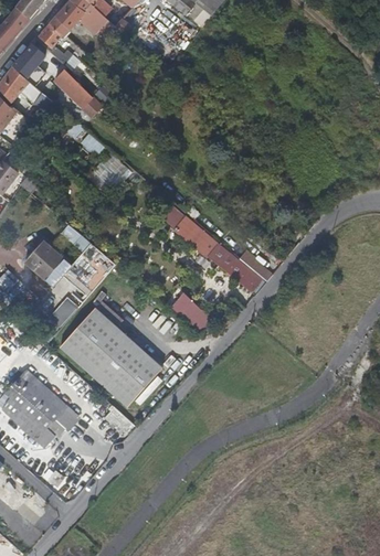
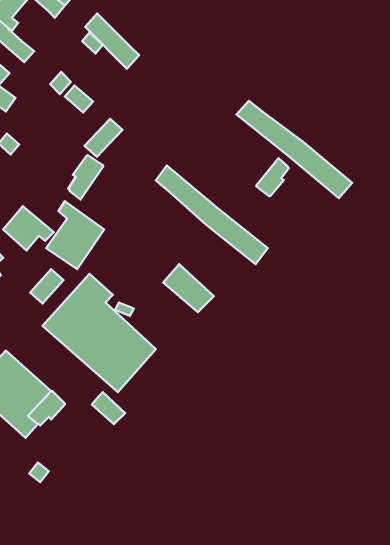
building: [53,68,102,118] -> [85,13,139,69]
building: none -> [236,101,352,198]
building: none -> [68,155,103,199]
building: none -> [257,158,289,196]

